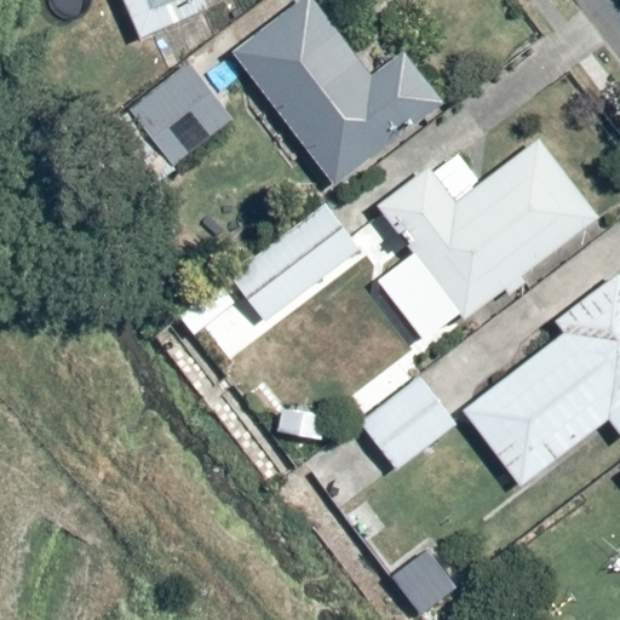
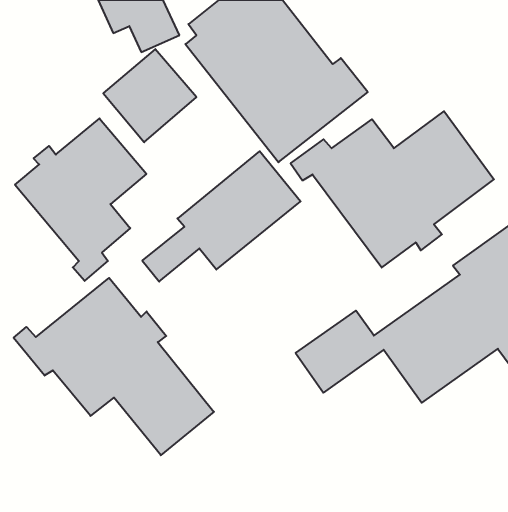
building: none -> [15,118,146,281]
building: none -> [14,278,214,455]

